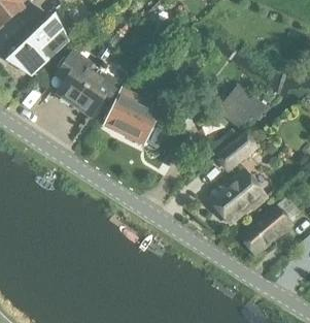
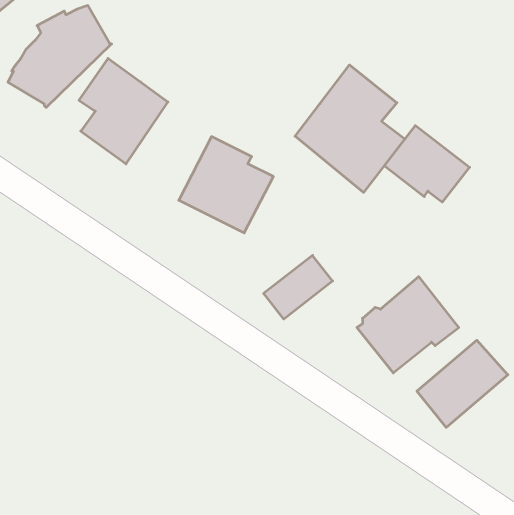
building: none -> [295,65,405,192]
building: [75,70,116,117] -> none
building: [214,134,253,170] -> [264,255,333,319]

